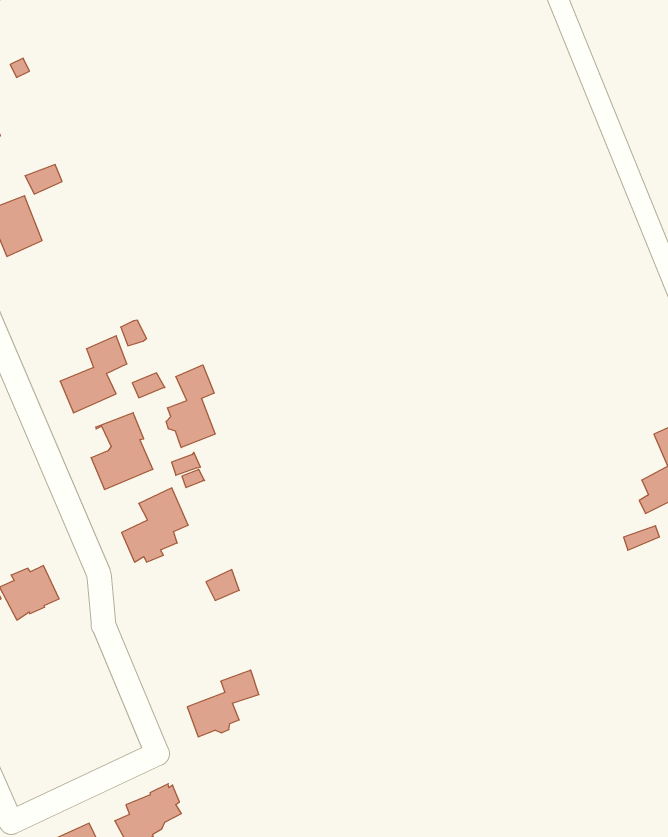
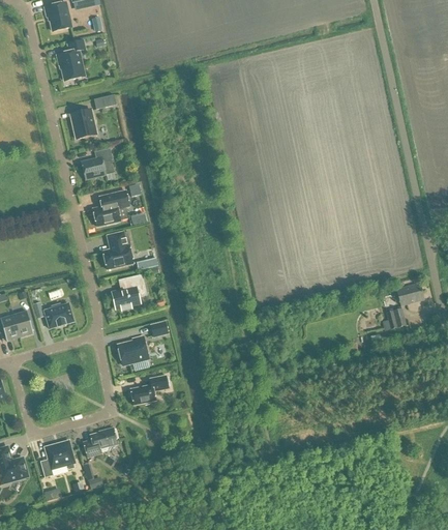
building: none -> [81,148,113,178]
building: [166,365,215,448] -> none
building: none -> [117,336,148,364]

